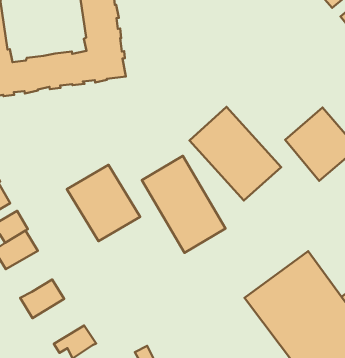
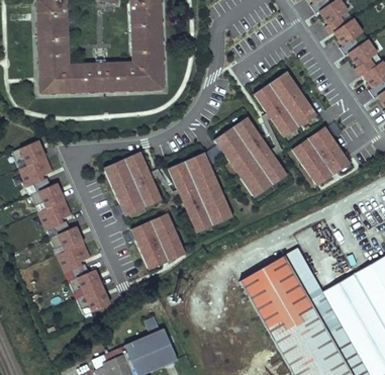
building: none -> [252,75,315,142]
building: none -> [129,215,186,275]
building: none -> [50,228,84,255]
building: none -> [70,272,104,297]

